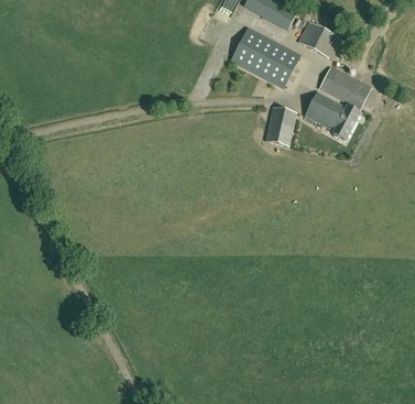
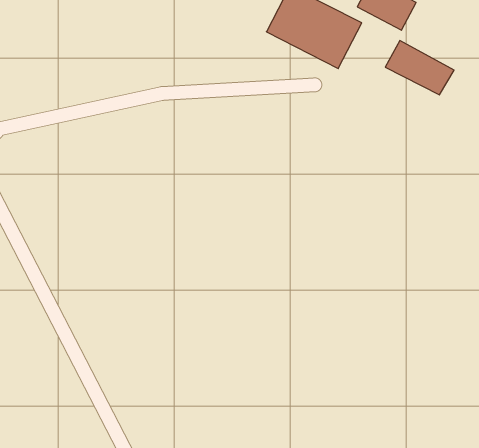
building: [304,91,359,139] -> none
building: [264,106,296,145] -> none

